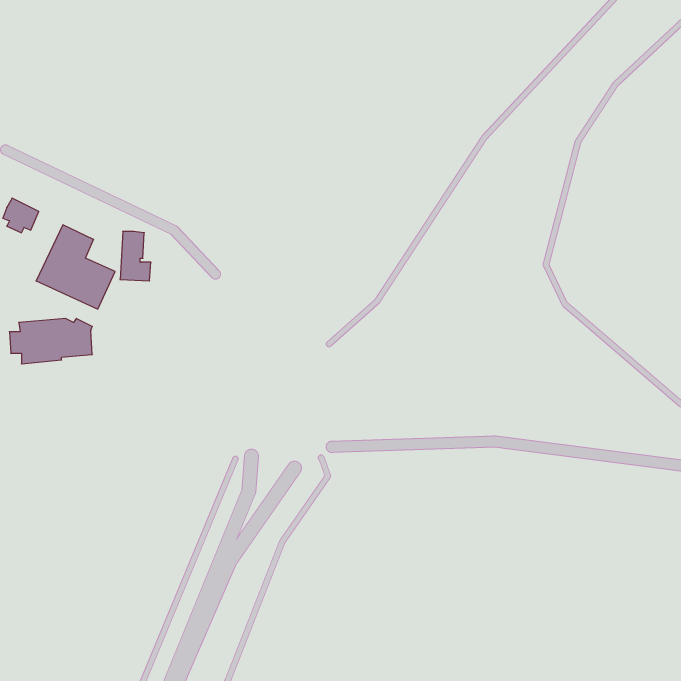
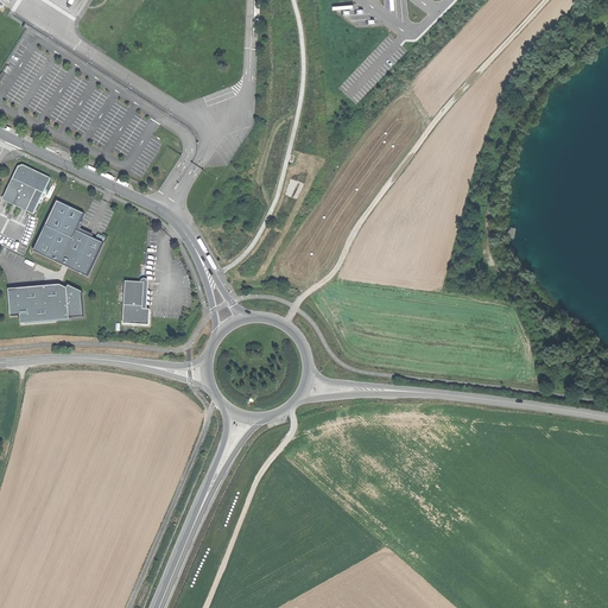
building: none -> [11,164,48,213]
building: [120,231,151,281] -> [122,280,150,324]

